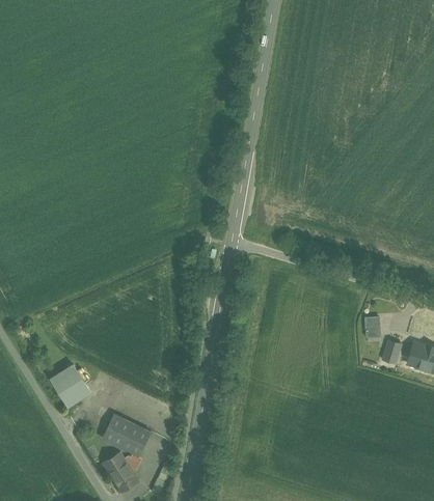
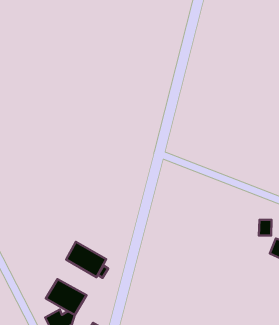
building: none -> [66,242,106,277]
building: [49,365,90,408] -> none

